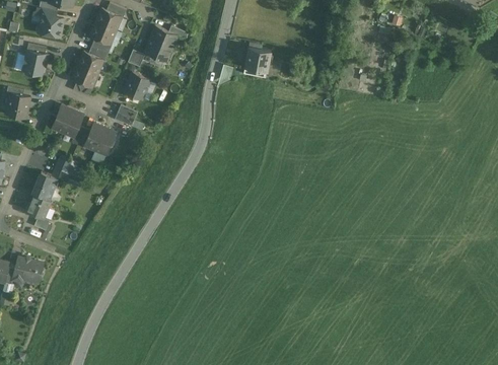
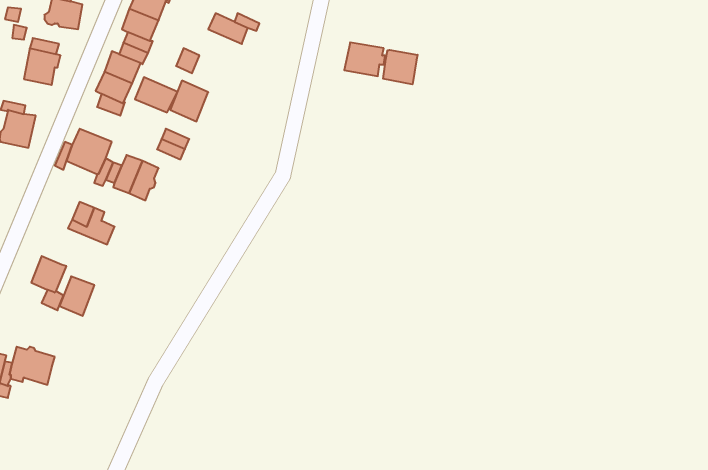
building: [144,36,173,61] -> [135,77,177,112]
building: none -> [383,50,418,84]
building: [32,172,57,200] -> [59,276,94,316]

